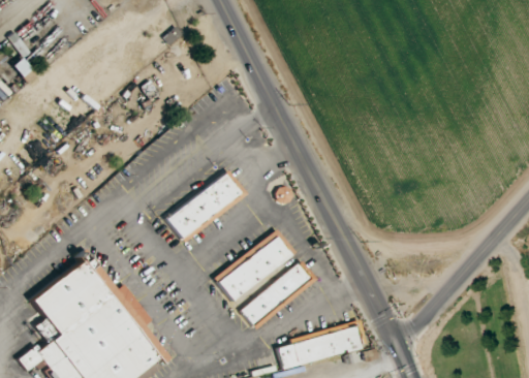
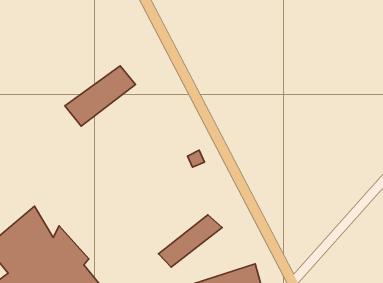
building: [160,169,246,243] -> [65,66,135,126]
building: [216,235,291,297] -> none

